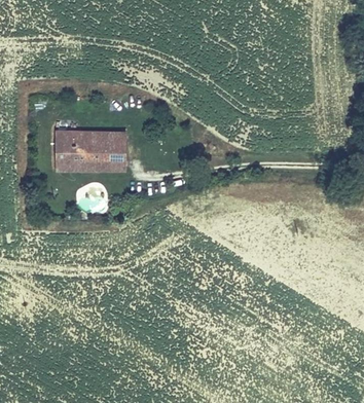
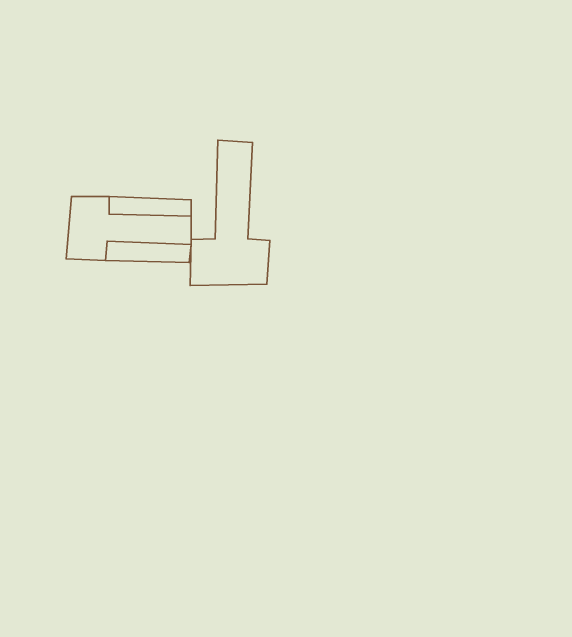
building: none -> [190,140,270,286]

